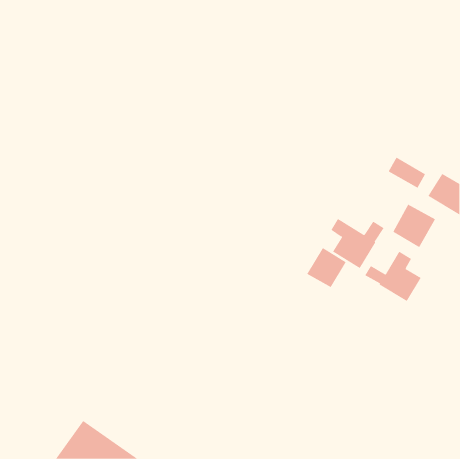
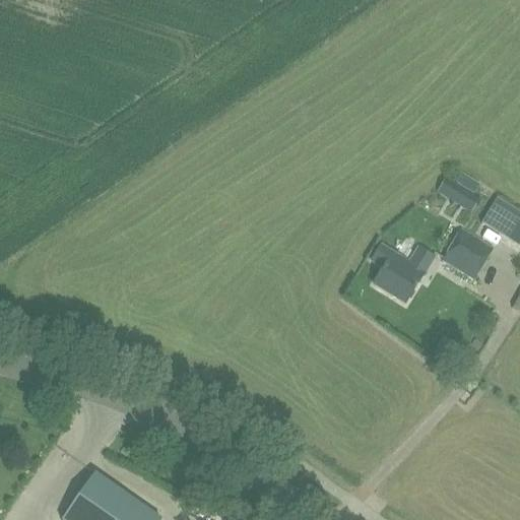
building: [307,247,347,288] -> none
building: [364,251,422,302] -> none

